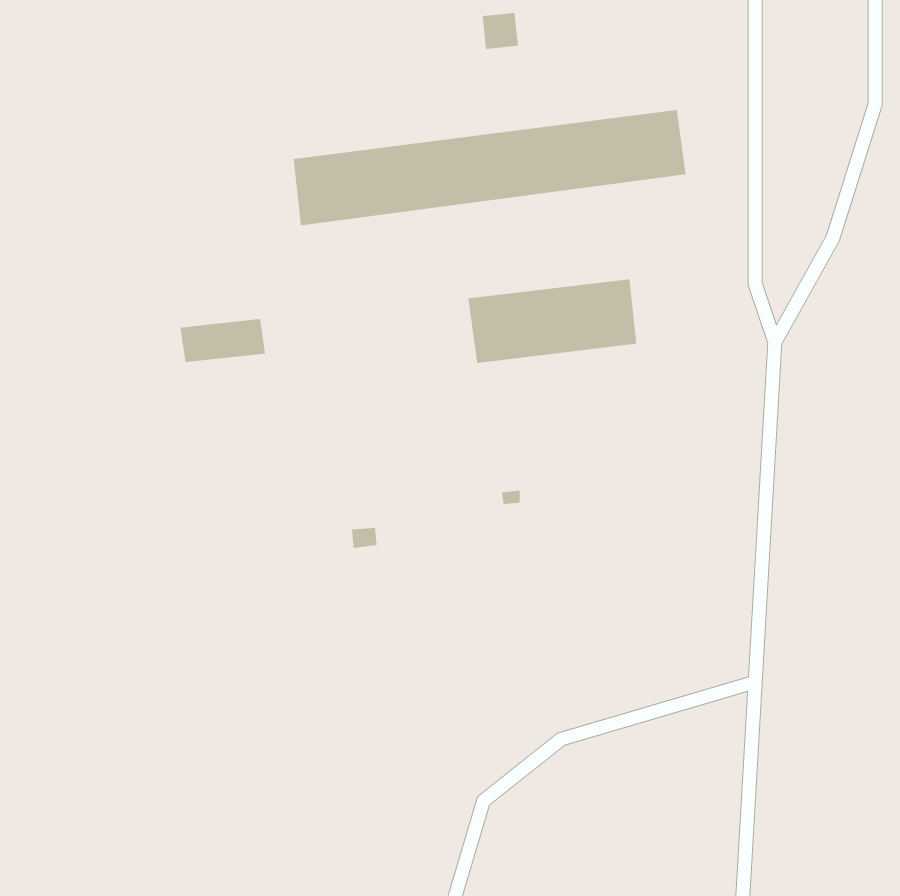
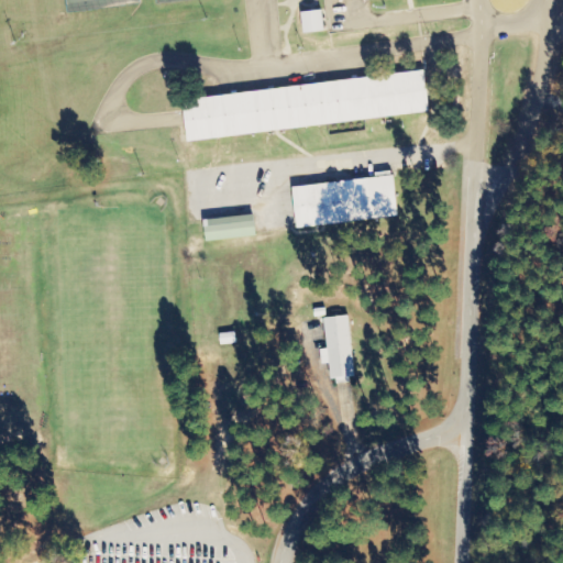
building: [180,319,266,363] -> [202,212,256,240]
building: none -> [322,313,355,382]

